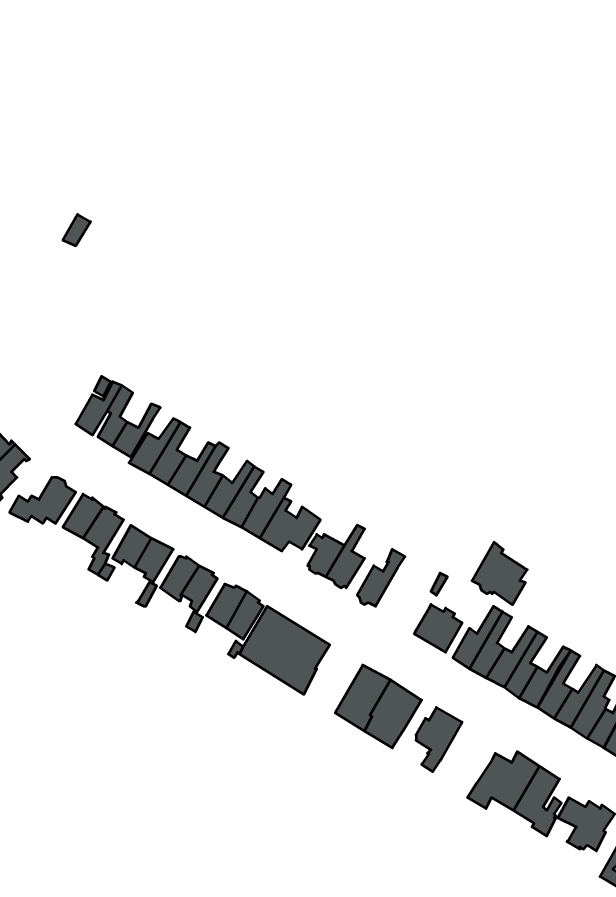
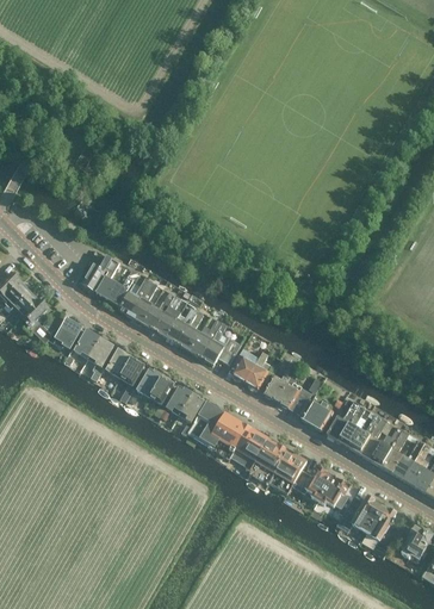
building: [472,542,527,605] -> [277,375,312,416]
building: none -> [230,425,268,470]
building: none -> [318,476,352,515]

